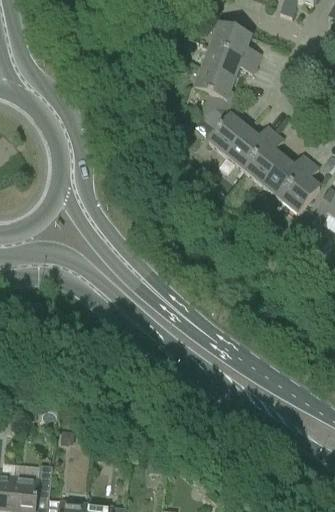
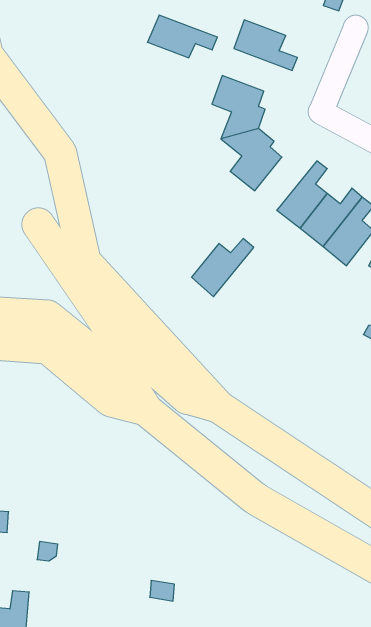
building: [202,45,256,78] -> [147,15,217,58]
building: [227,125,275,170] -> [192,238,254,297]

